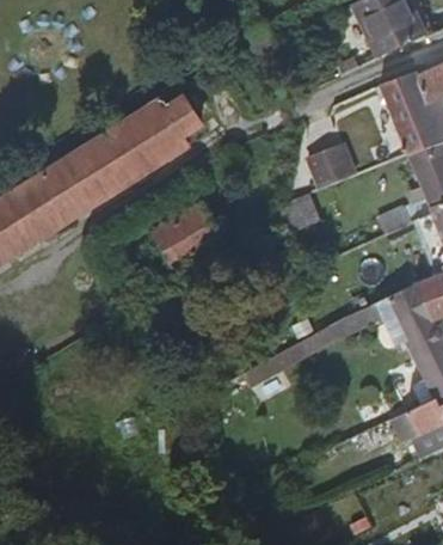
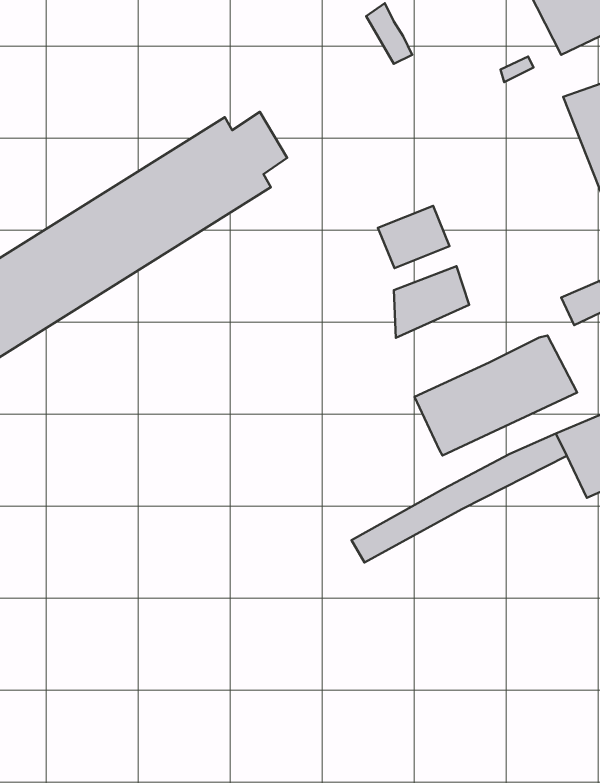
building: [308,146,355,186] -> [378,206,450,268]
building: [155,204,220,262] -> none
building: none -> [414,335,577,456]

